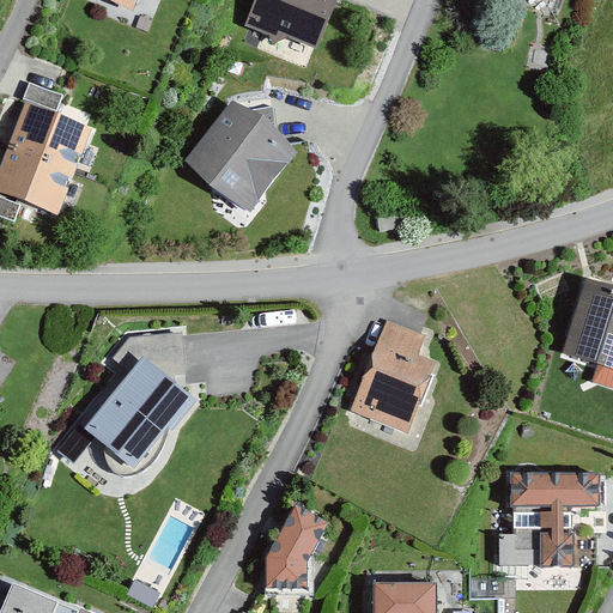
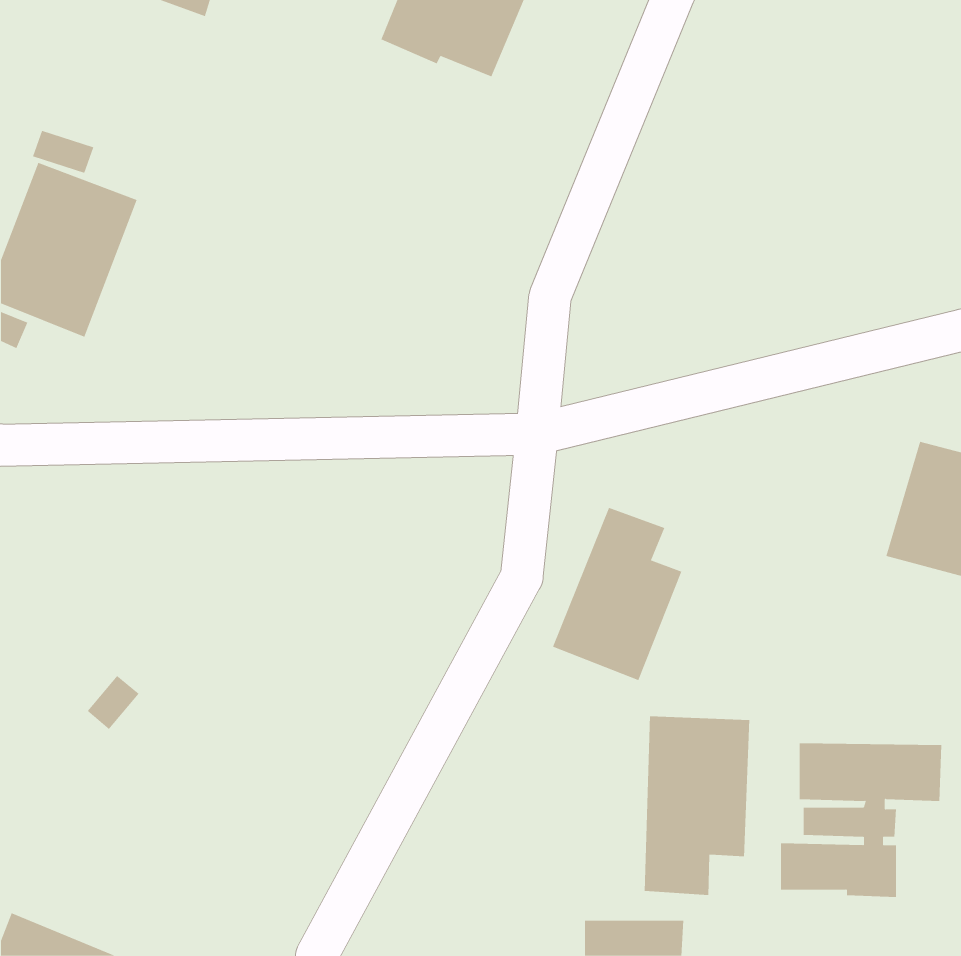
building: [186,102,295,210] -> none
building: [85,334,195,465] -> none
building: none -> [644,715,750,896]
building: [266,506,326,590] -> none

